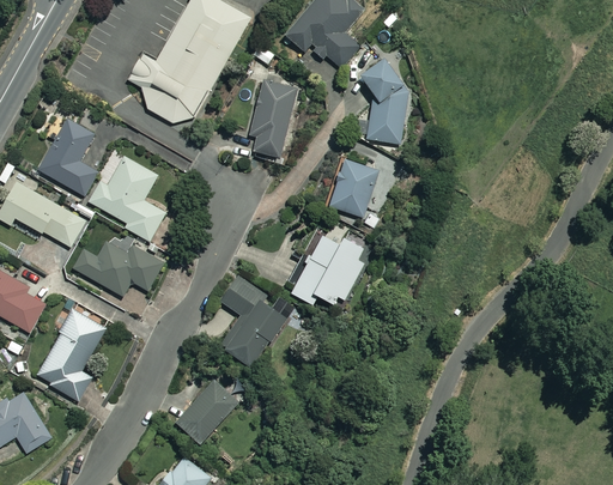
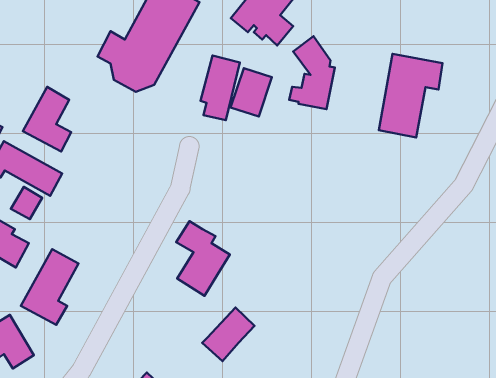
building: none -> [379,54,443,137]
building: [89,156,165,241] -> none
building: [329,159,378,217] -> [231,68,272,117]
building: [291,235,364,304] -> none
building: [73,243,164,295] -> none
building: [175,378,237,442] -> [202,308,255,361]

